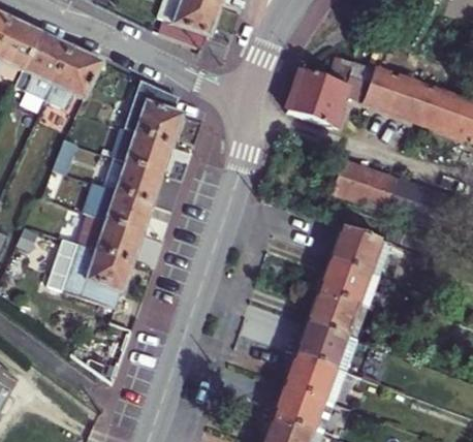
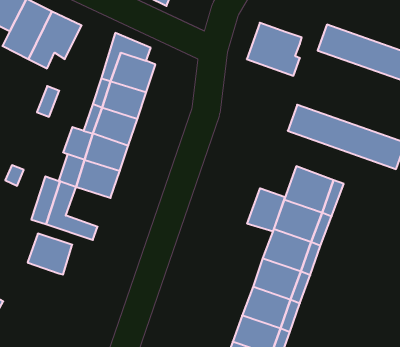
building: [328,56,374,98] -> none
building: [85,249,134,294] -> [28,234,72,275]
building: none -> [247,188,285,232]

